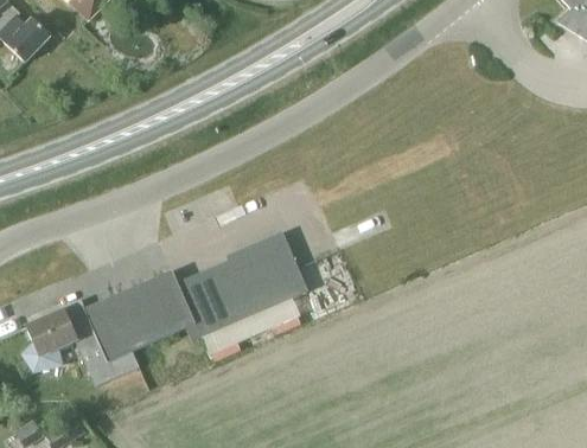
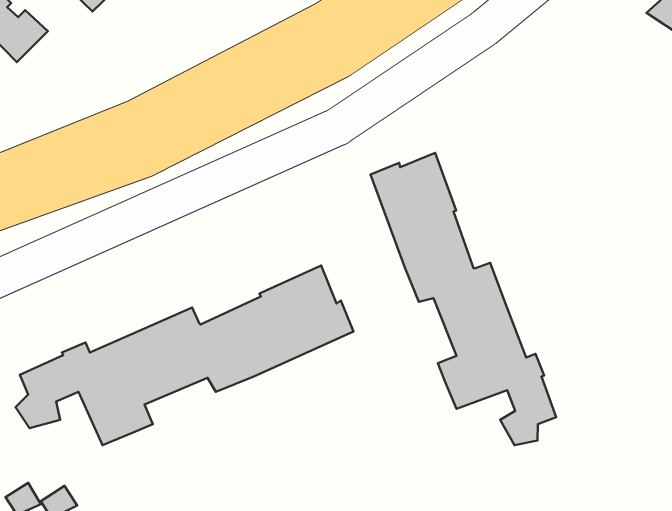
building: none -> [371,153,556,445]

